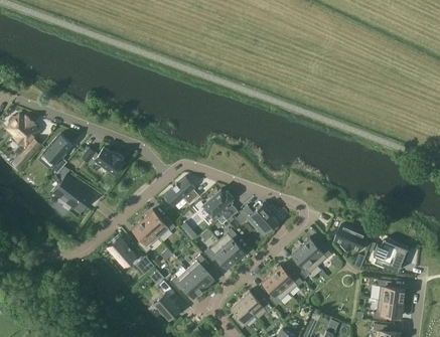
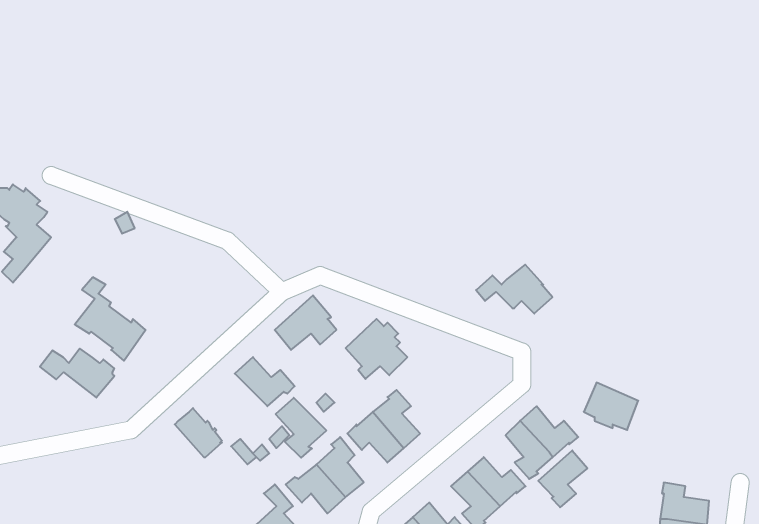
building: [43,134,72,173] -> none
building: [83,147,124,174] -> [40,349,114,398]
building: [236,204,278,231] -> [476,265,552,314]
building: [132,219,160,252] -> [276,398,326,458]
building: [374,240,407,271] -> none
building: none -> [538,450,587,507]

